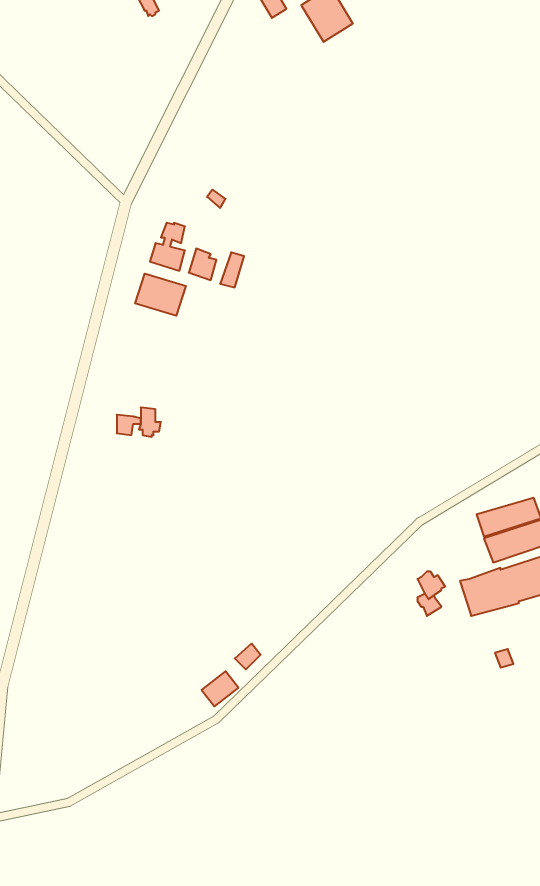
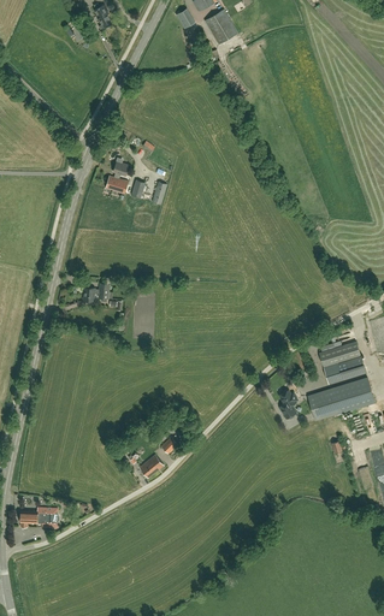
building: [135,274,186,316] -> none
building: none -> [20,508,59,527]

